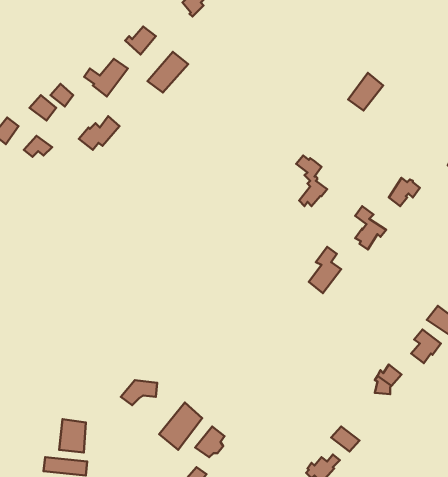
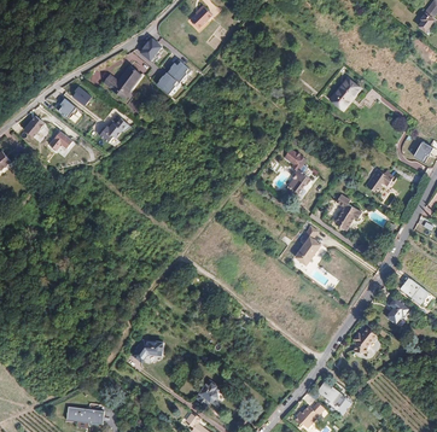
building: [159,402,202,450] -> none
building: [59,419,86,453] -> none

